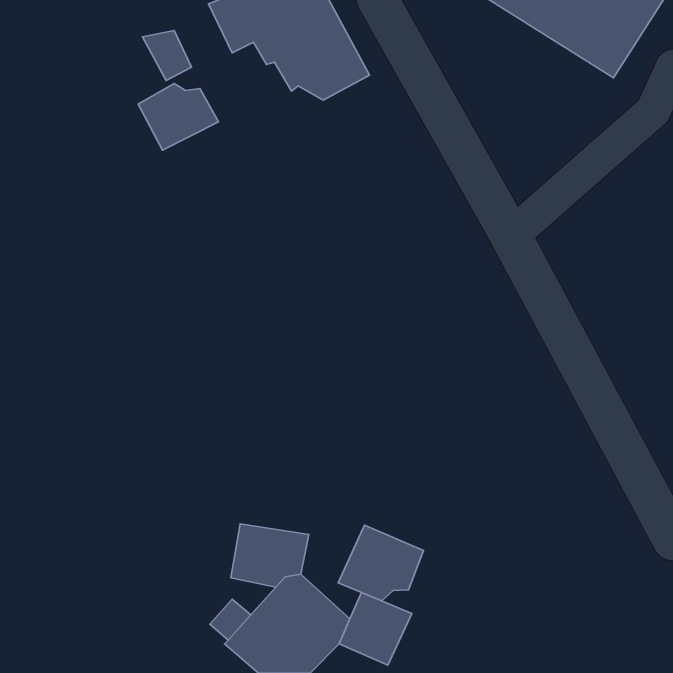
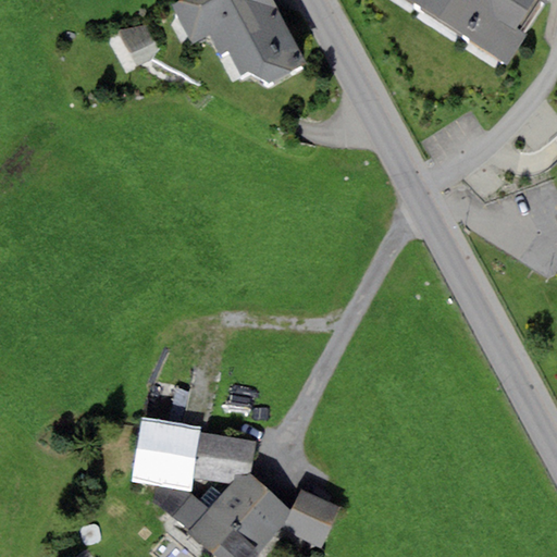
building: [138,84,219,150] -> none
building: none -> [131,417,198,491]
building: [338,525,424,601] -> none

